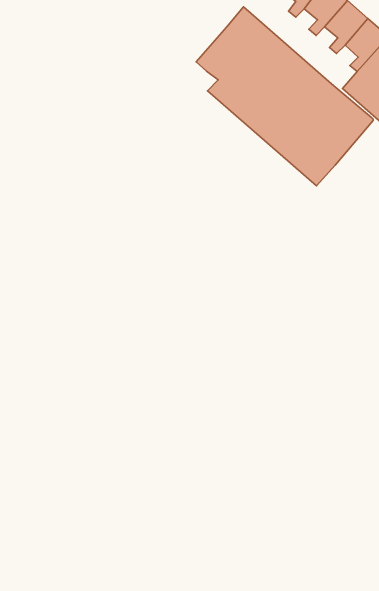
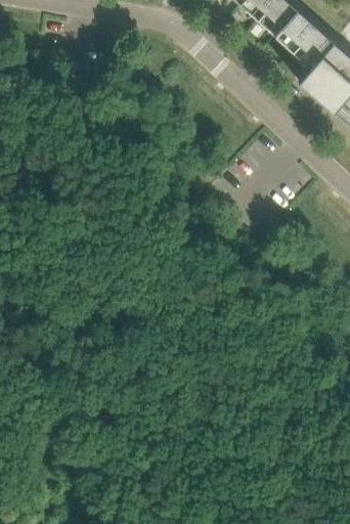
building: [196,7,373,186] -> none

